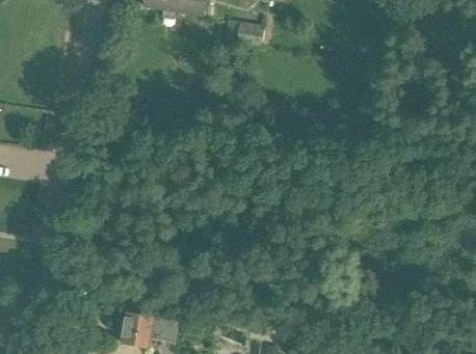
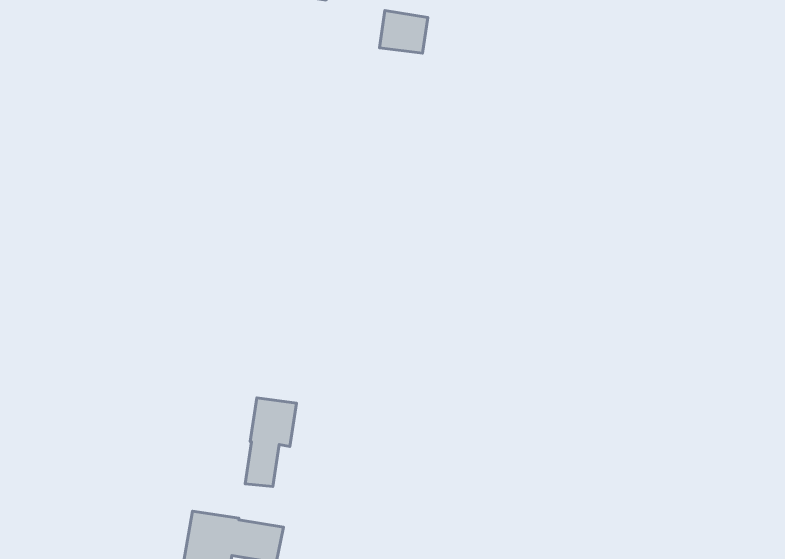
building: none -> [245,398,296,486]

